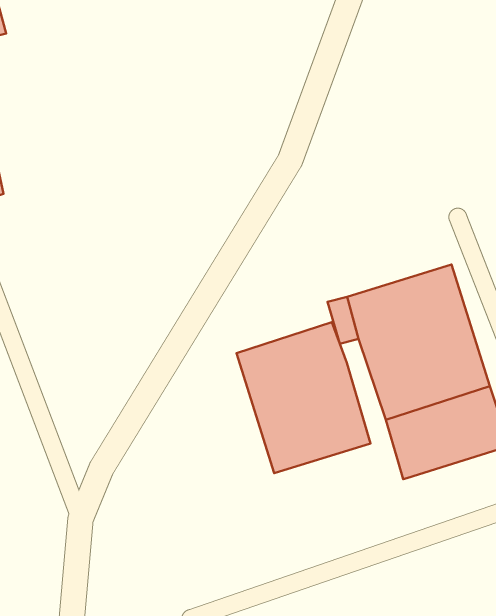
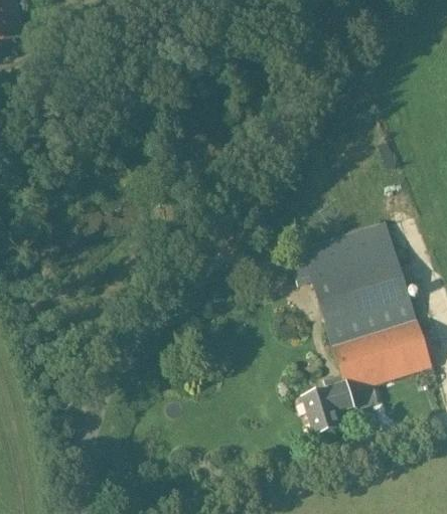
building: [236,322,371,473] -> none
building: none -> [303,379,354,436]

